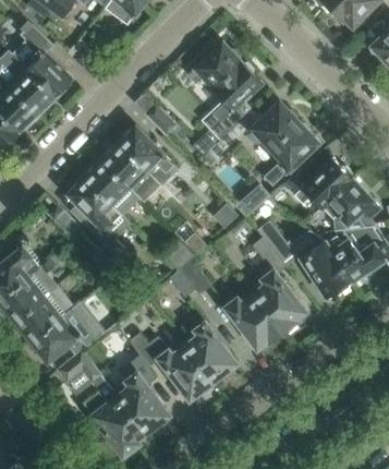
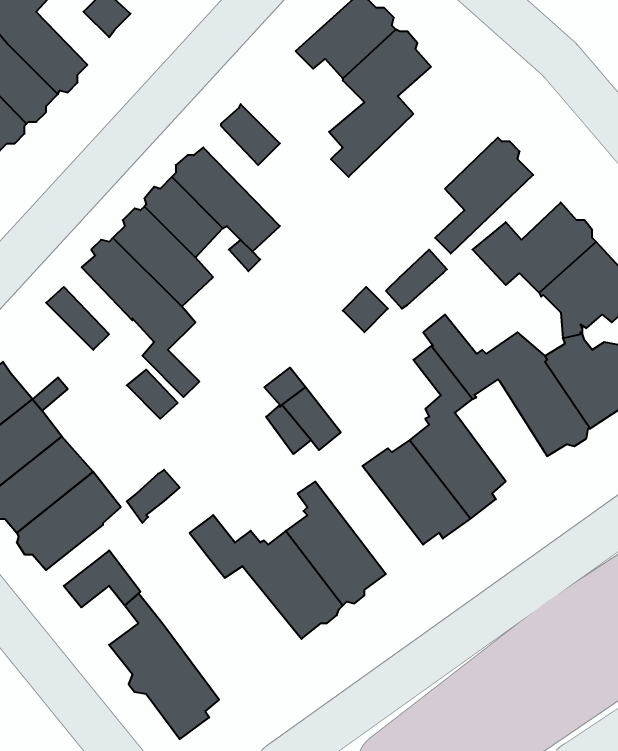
building: [204,101,299,166] -> none
building: [112,356,168,434] -> none

